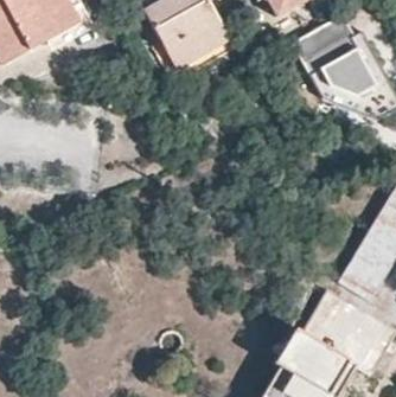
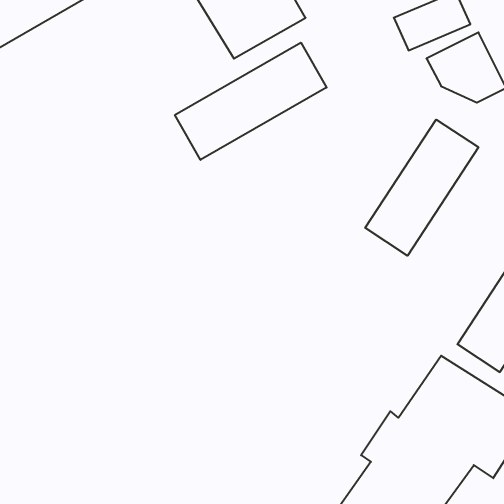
building: none -> [175,43,327,160]
building: none -> [365,120,478,256]

